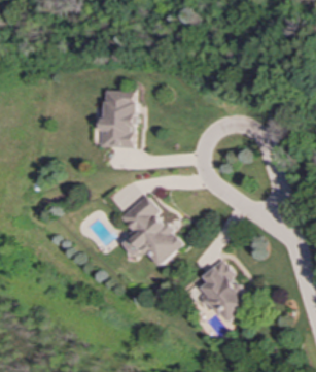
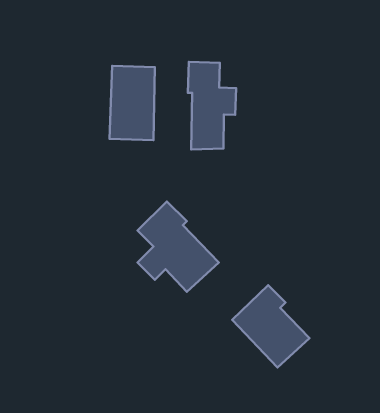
building: none -> [188,62,236,149]

